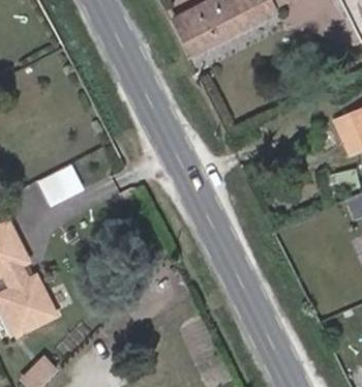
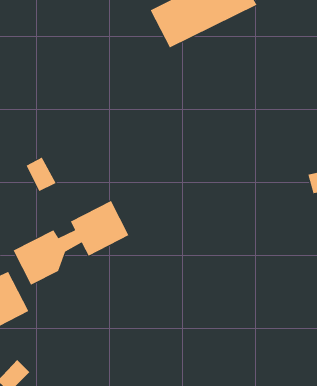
building: none -> [13,200,129,286]

